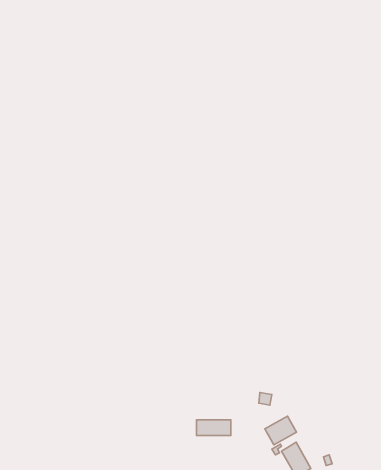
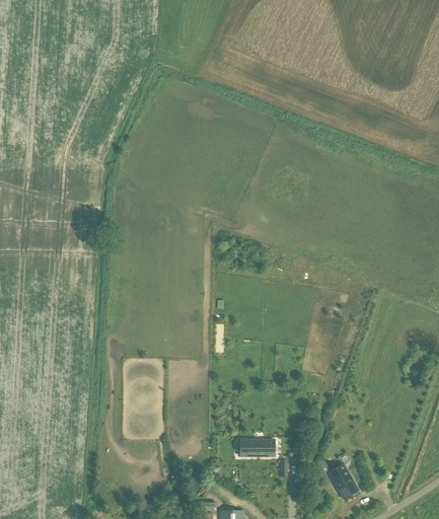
building: [265,416,296,445] -> none

